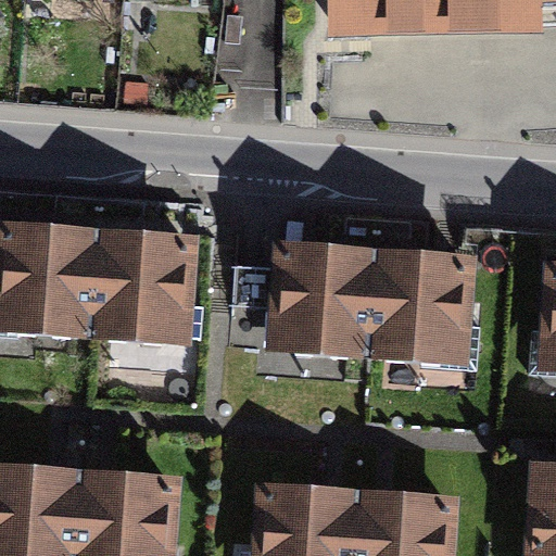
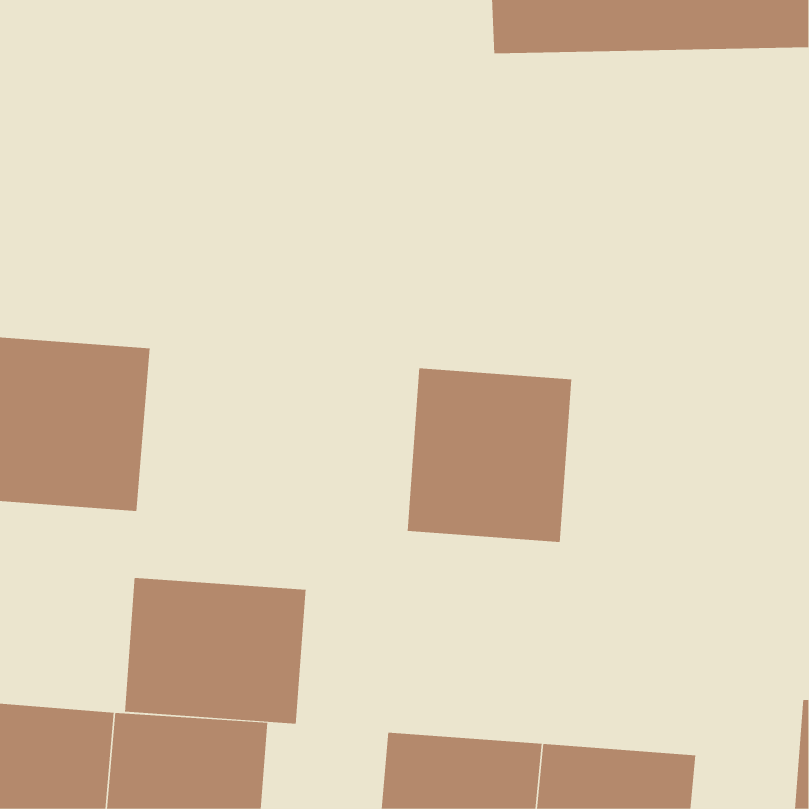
building: [91,231,202,348] -> none
building: [372,252,482,368] -> none
building: none -> [124,577,306,724]

